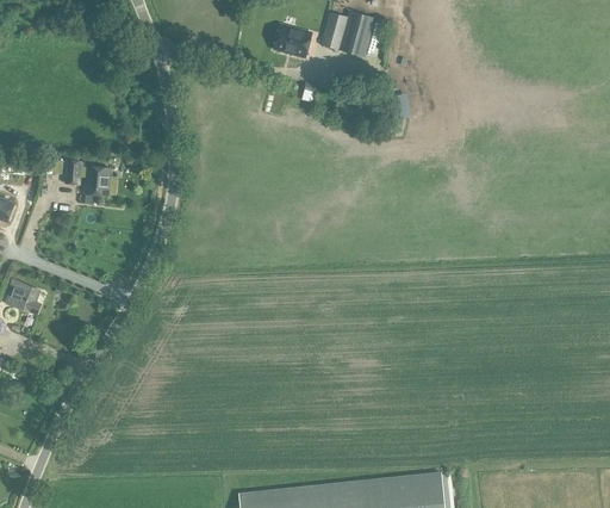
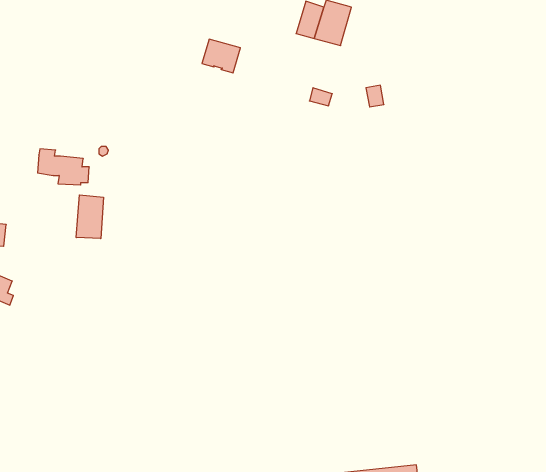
building: [273,25,311,58] -> [202,39,240,73]
building: none -> [76,195,103,239]

